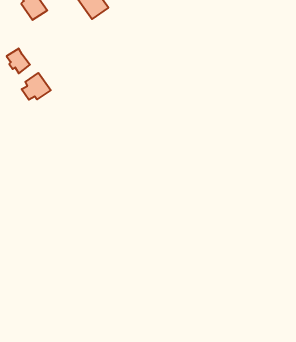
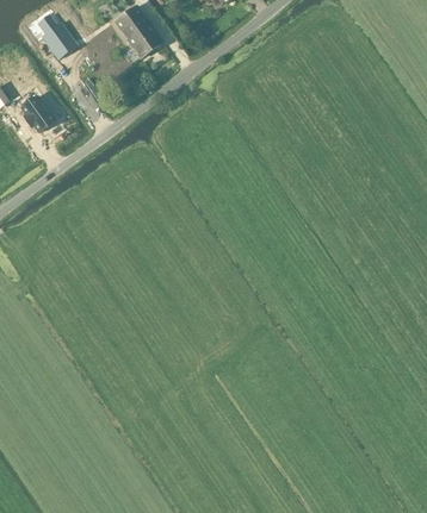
building: [22,73,51,100] -> none

